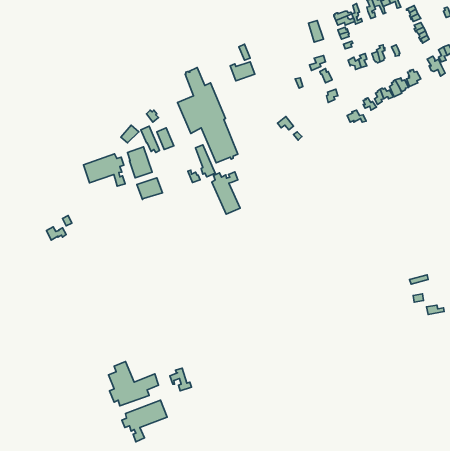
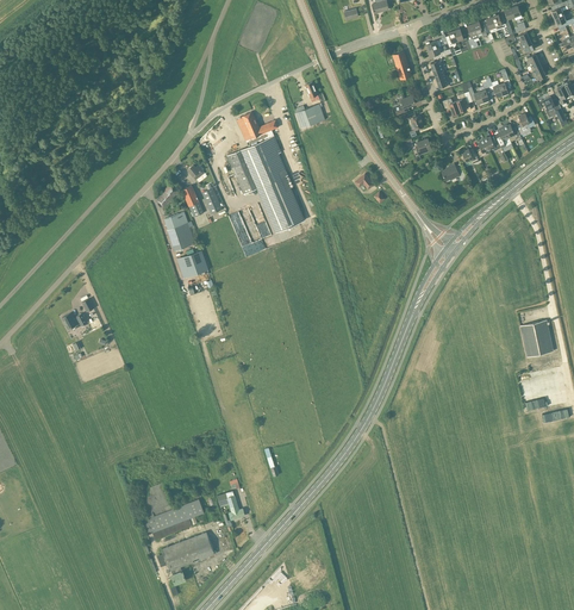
building: [83,154,125,186] -> none
building: [212,172,240,214] -> none
building: none -> [520,319,554,356]

